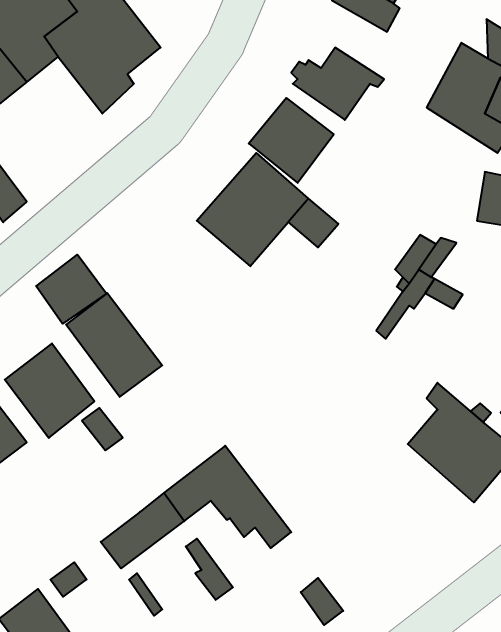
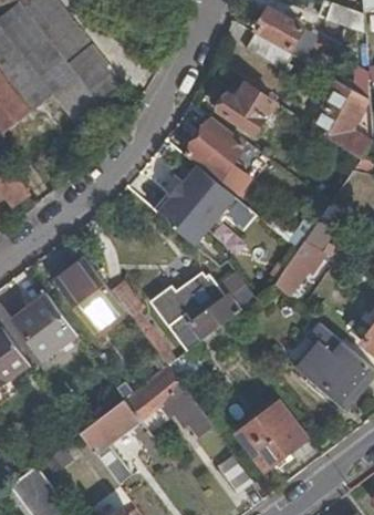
building: [36,255,106,324] -> none
building: none -> [147,271,256,354]
building: none -> [238,402,307,470]

